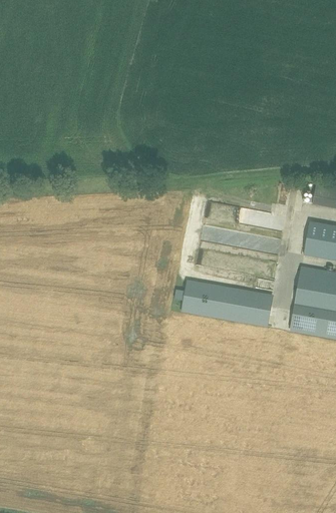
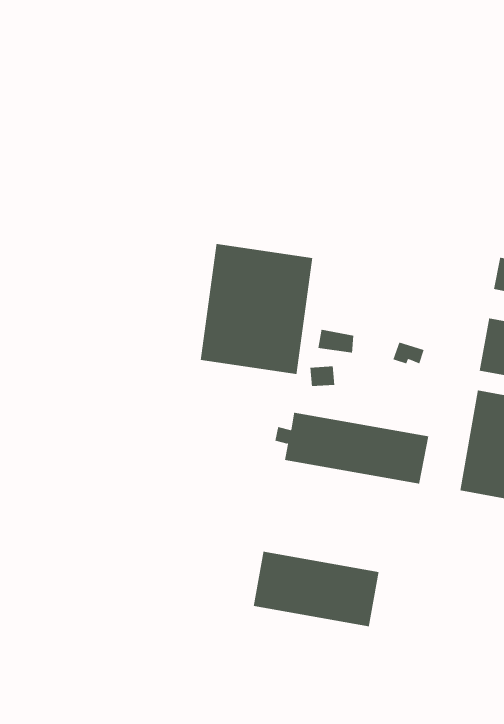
building: none -> [200,243,313,375]
building: none -> [253,551,379,627]

